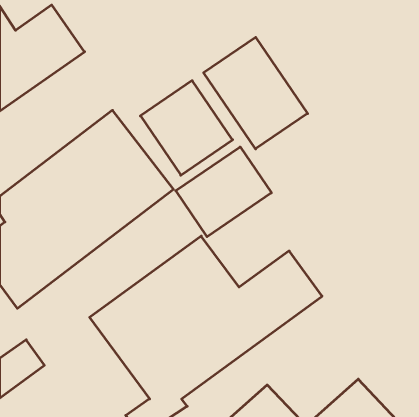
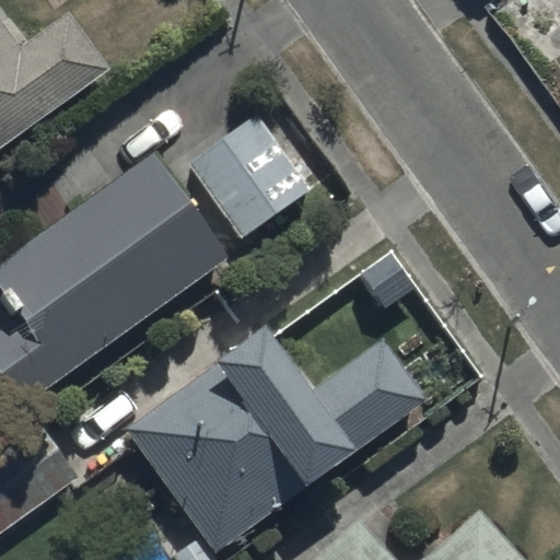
building: [204,37,308,149] -> none
building: [176,147,271,237] -> none

